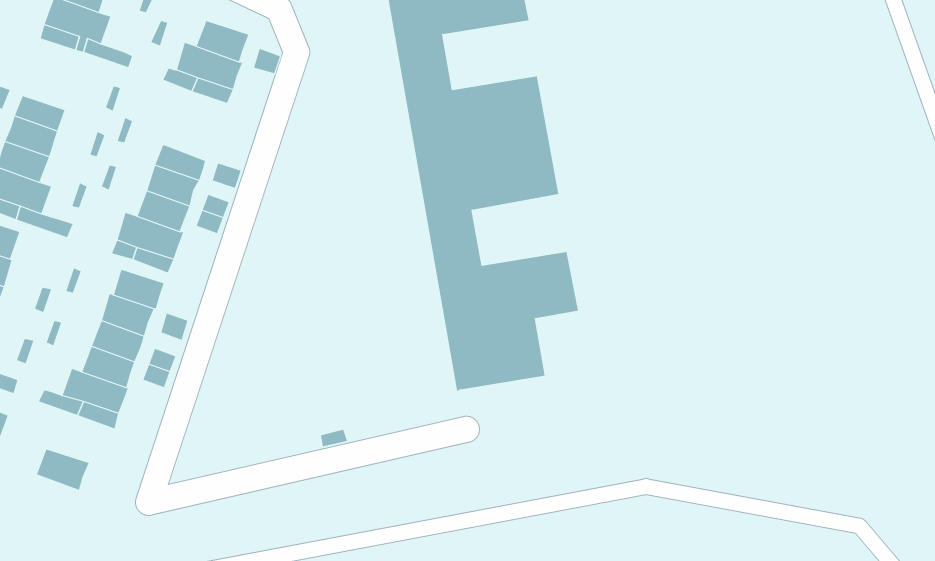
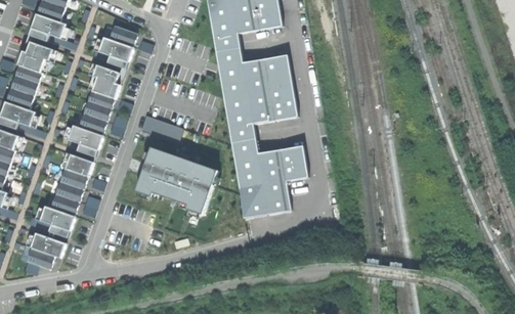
building: none -> [17,42,52,72]
building: none -> [92,64,120,98]
building: none -> [139,115,182,143]
building: none -> [134,146,217,214]
building: none -> [30,232,65,257]

